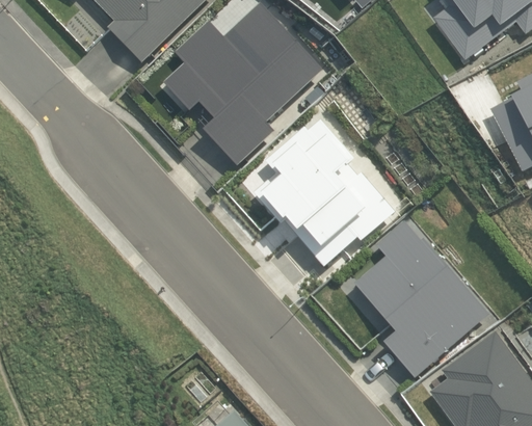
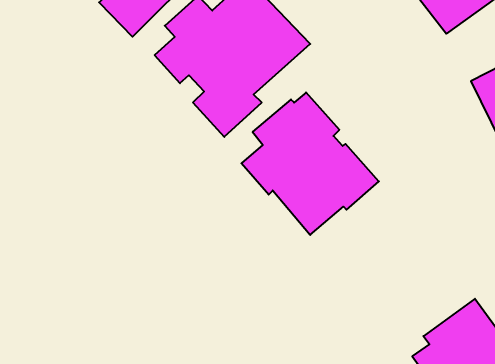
building: [355,218,490,376] -> none

